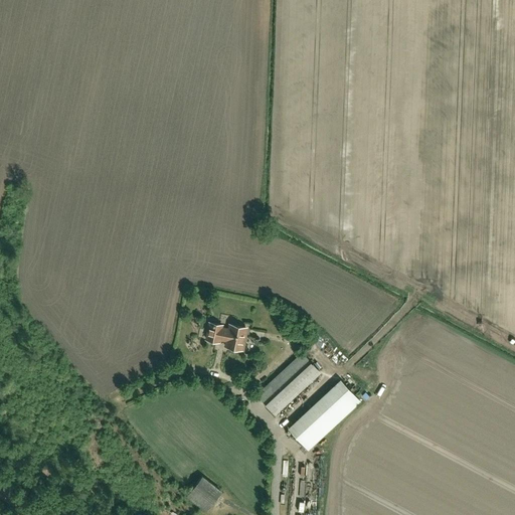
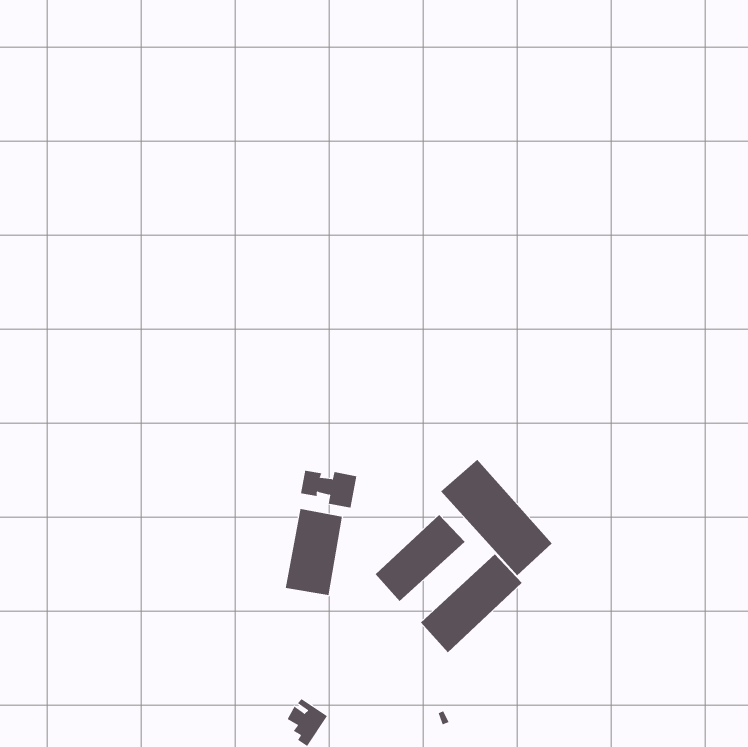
building: none -> [440,459,552,576]
building: none -> [285,508,342,596]

